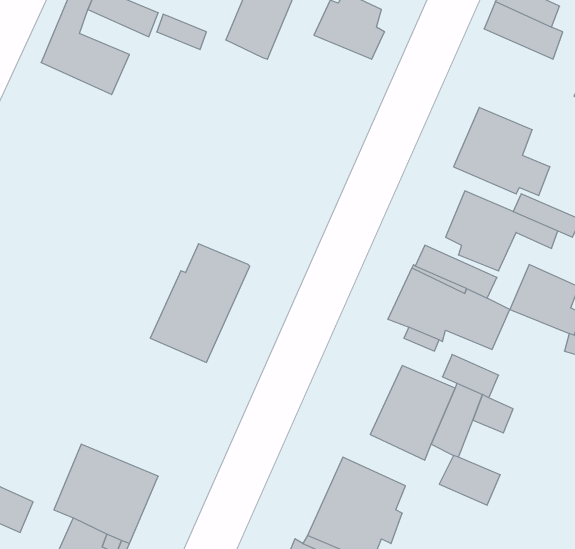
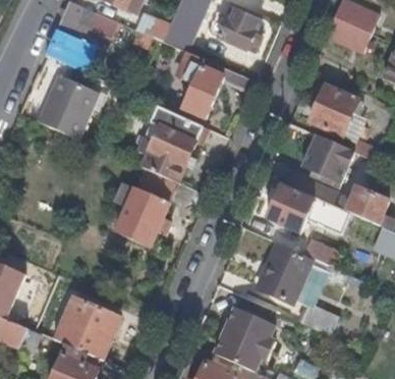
building: none -> [178,51,253,117]
building: none -> [38,76,100,142]
building: none -> [142,104,203,182]

